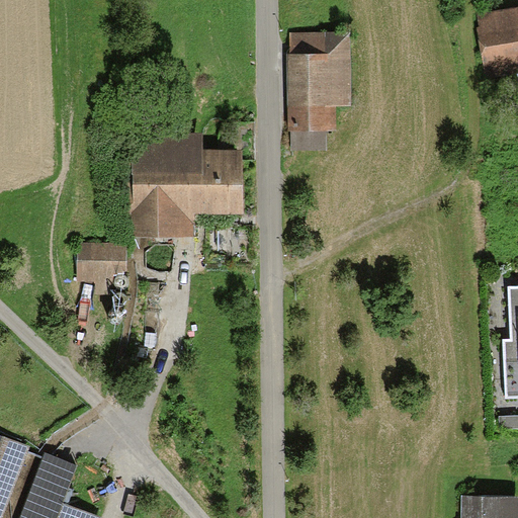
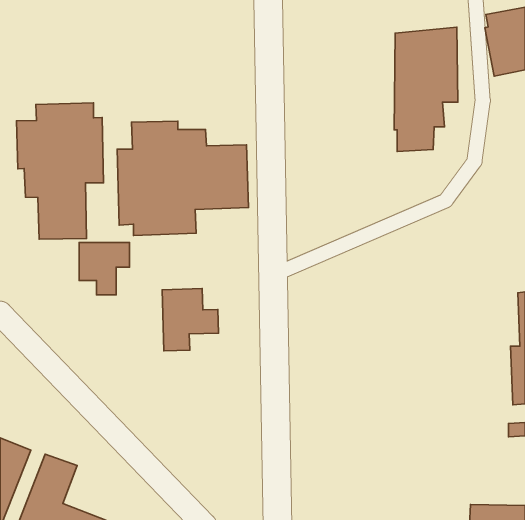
building: [288,29,351,152] -> [394,27,458,151]
building: none -> [16,103,104,239]
building: none -> [162,289,219,351]

